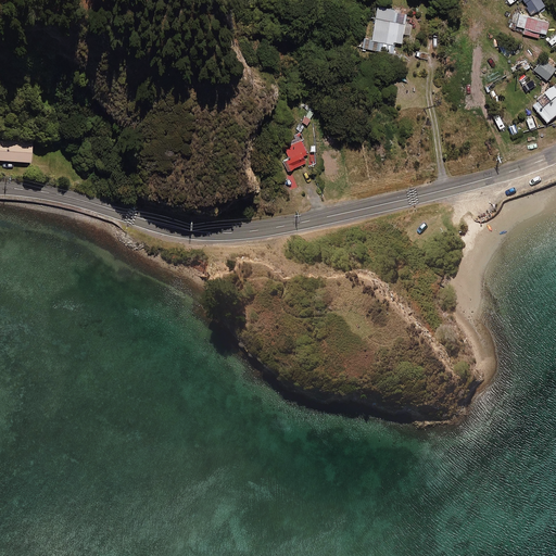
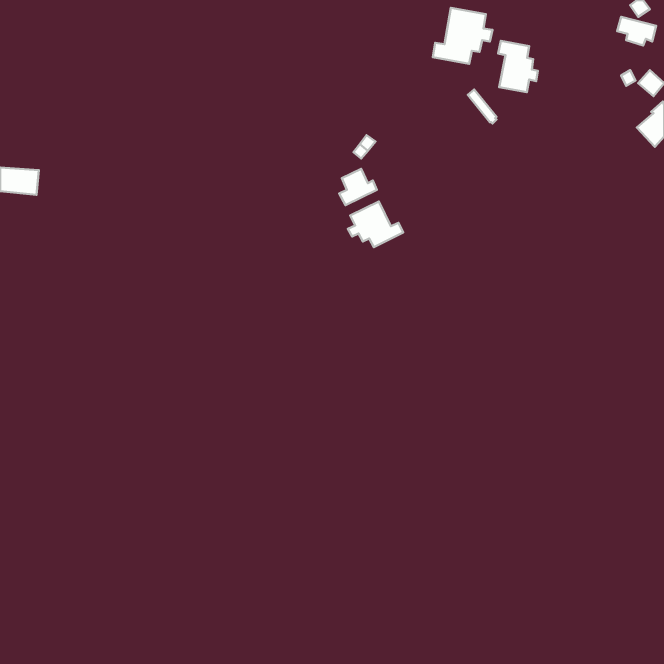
building: none -> [498,41,538,92]
building: none -> [348,201,403,247]

